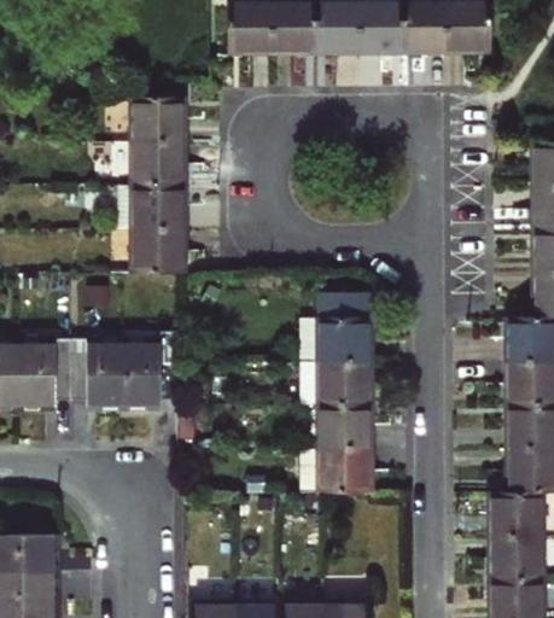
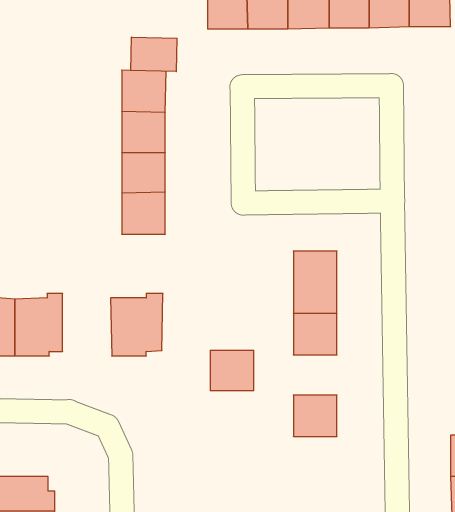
building: none -> [131,37,177,72]
building: [70,338,123,406] -> none
building: [320,404,367,448] -> [210,350,254,391]

